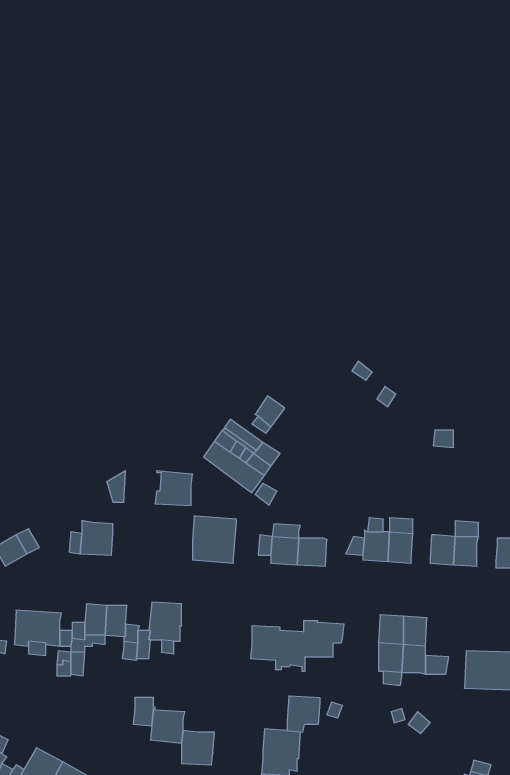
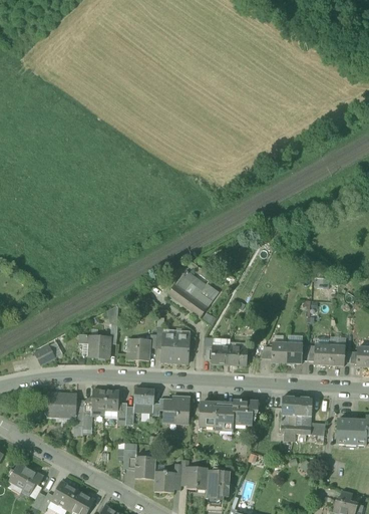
building: [155,471,193,505] -> [126,337,150,359]
building: none -> [164,396,188,423]
building: [287,696,320,732] -> [187,465,208,488]

